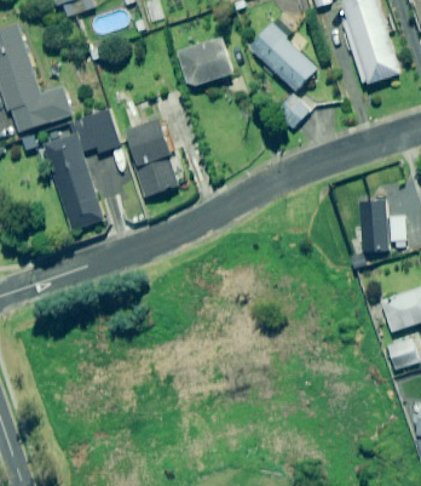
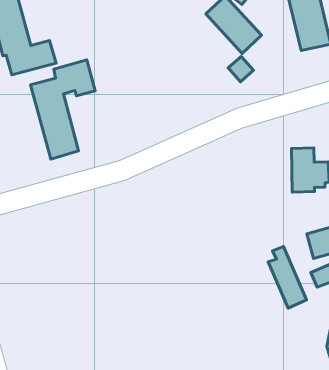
building: [175,39,233,87] -> none
building: [128,121,178,195] -> none
building: none -> [268,247,306,308]

